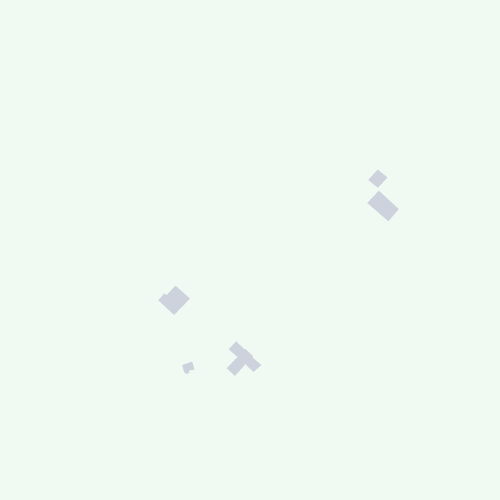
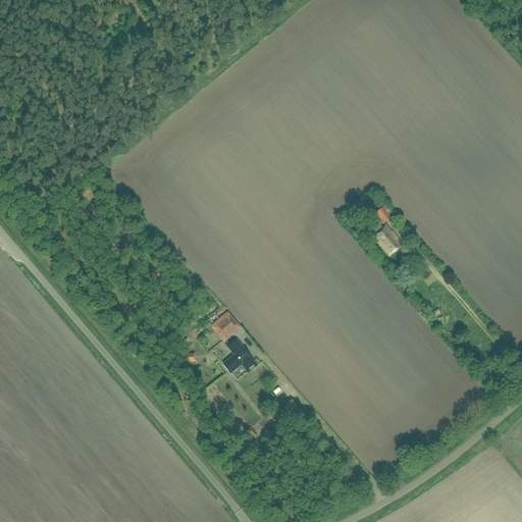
building: [157,285,191,316] -> [210,312,241,340]

